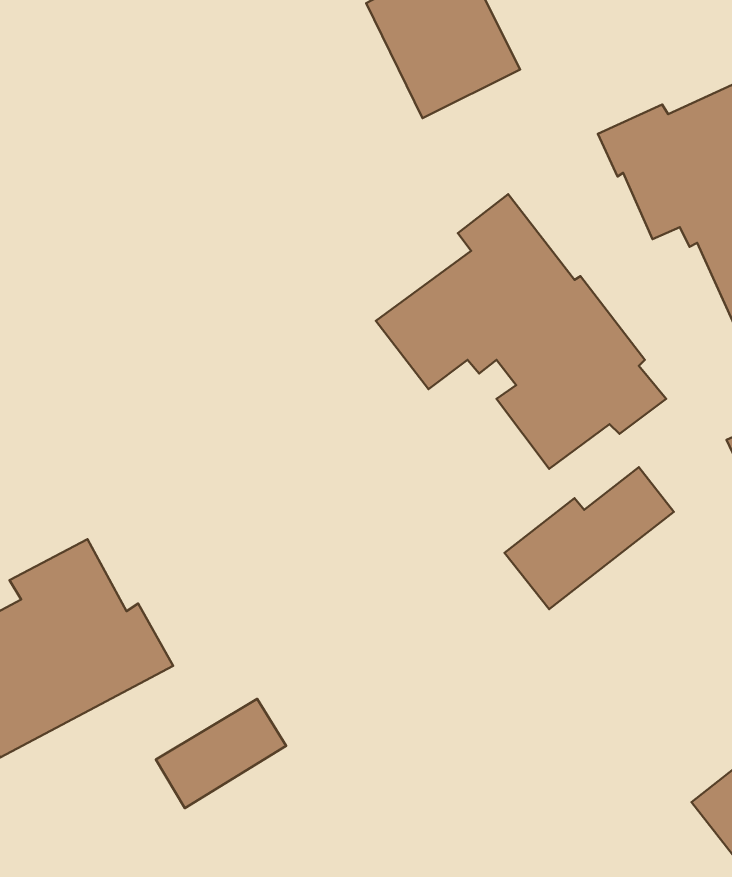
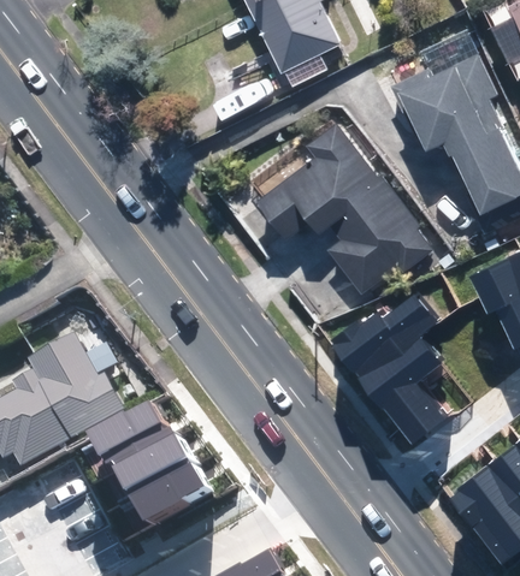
building: none -> [360,332,445,444]
building: none -> [99,404,179,471]
building: none -> [135,463,215,530]

